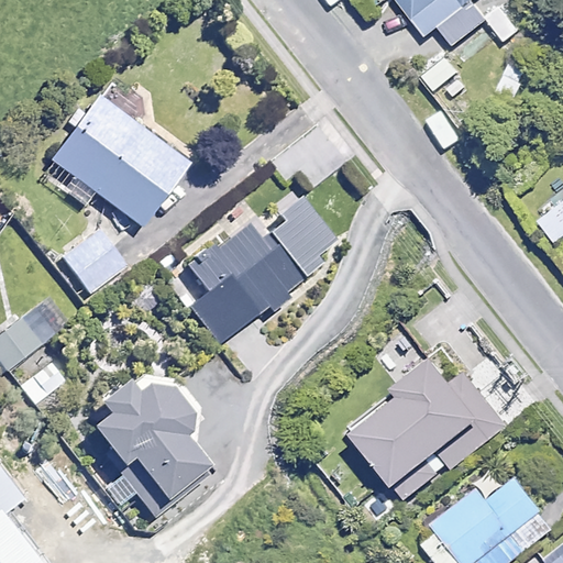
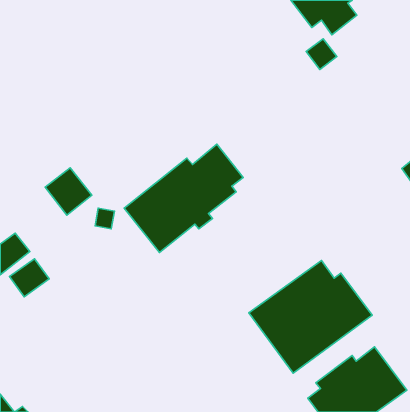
building: [42,95,190,227] -> none
building: [91,374,213,519] -> none

